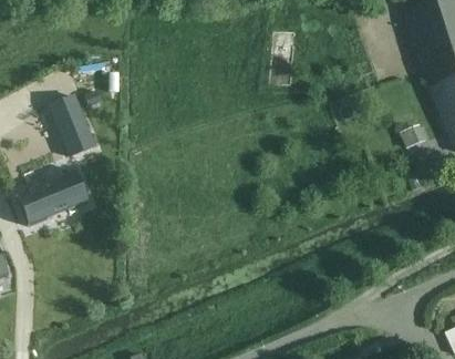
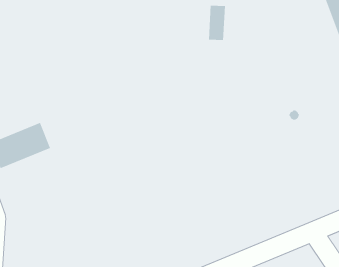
building: [49,96,94,155] -> none

